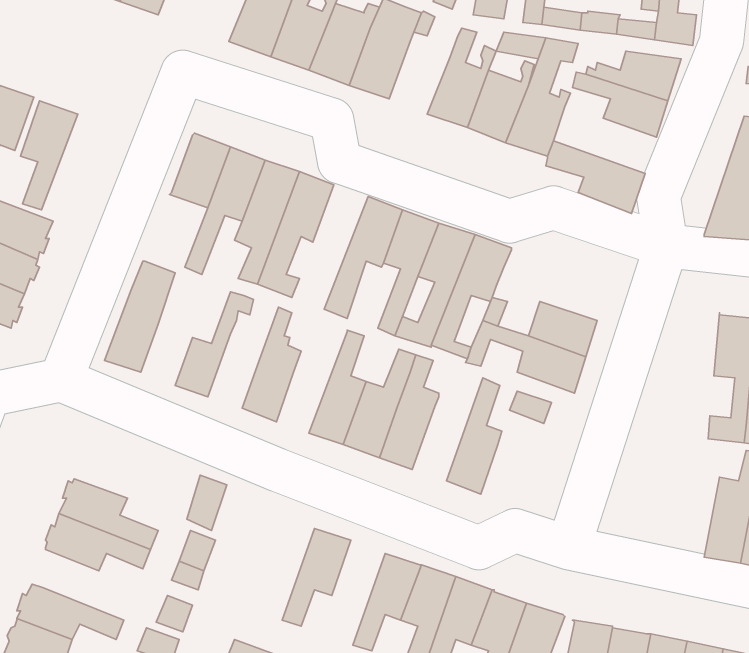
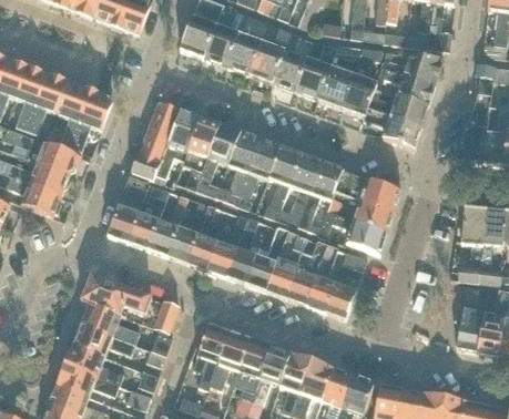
building: none -> [273,43,313,91]
building: none -> [368,86,428,125]
building: none -> [71,91,113,151]
building: none -> [216,132,261,204]
building: none -> [132,137,167,180]
building: none -> [339,170,400,211]
building: none -> [129,184,170,248]
building: none -> [167,211,197,262]
building: none -> [207,213,248,276]
building: none -> [286,242,327,304]
building: none -> [81,276,151,321]
building: none -> [326,277,359,318]
building: none -> [193,324,230,389]
building: none -> [240,338,271,399]
building: none -> [65,344,123,385]

